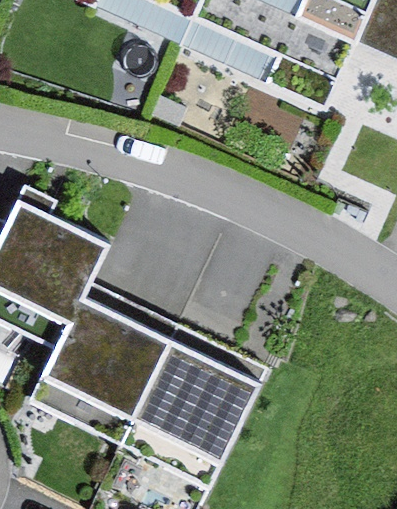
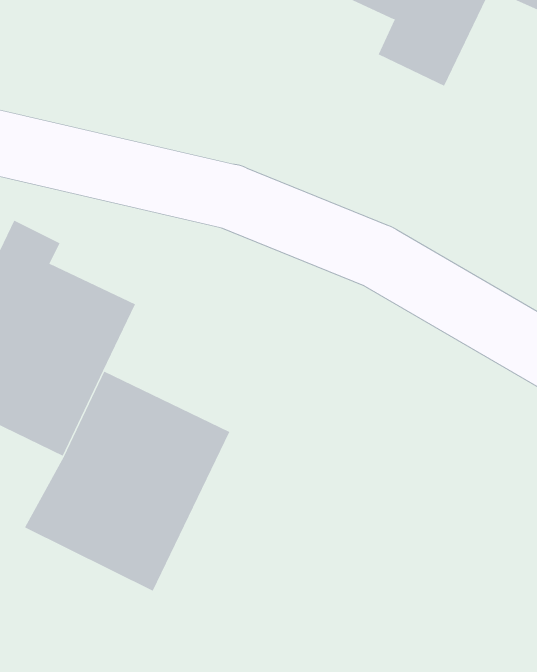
building: [119,325,265,480] -> none

